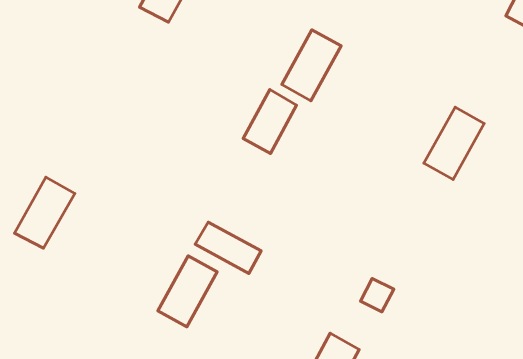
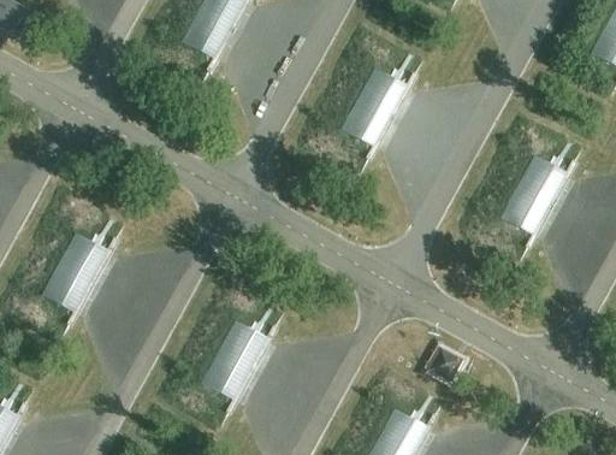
building: [243,90,296,153] -> none
building: [195,222,261,273] -> none

